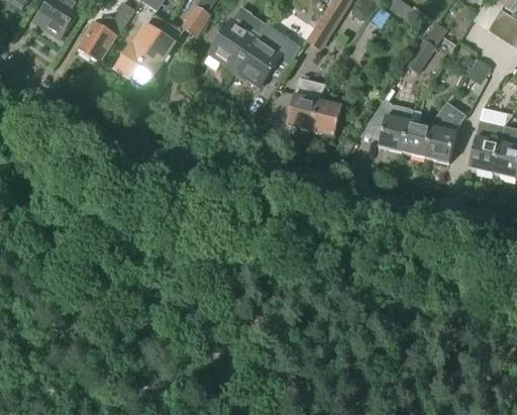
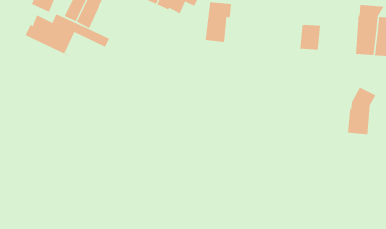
building: none -> [25,13,110,58]
building: [368,97,413,150] -> none
building: [310,99,341,135] -> none
building: [424,101,467,162] -> [347,87,376,135]

